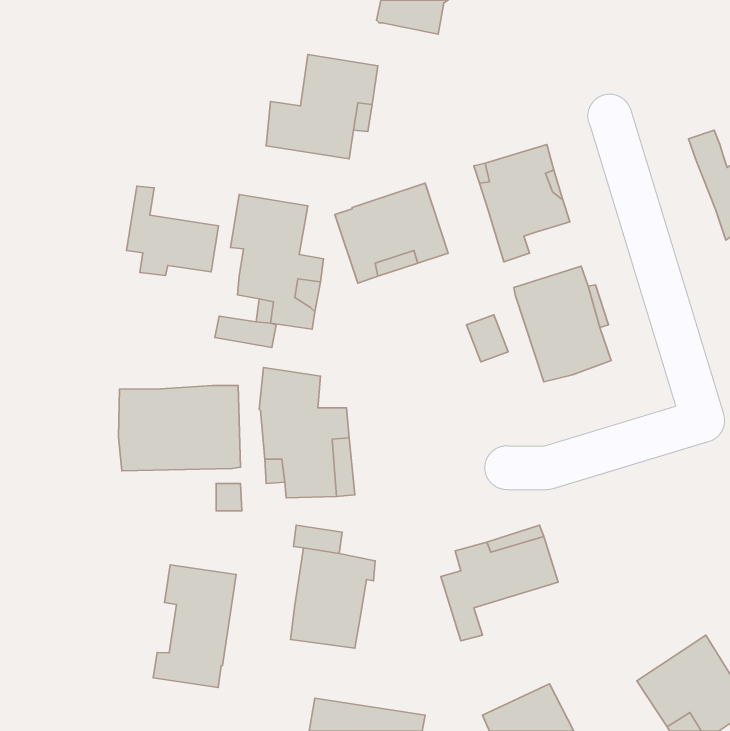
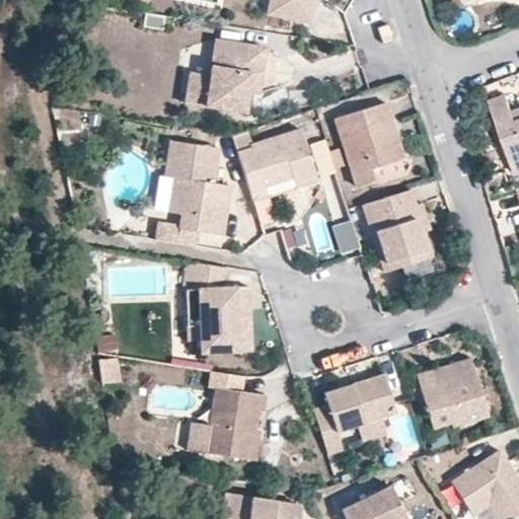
building: [126,186,219,276] -> none
building: [119,385,240,471] -> none
building: none -> [418,356,490,427]
building: [153,565,236,687] -> none

